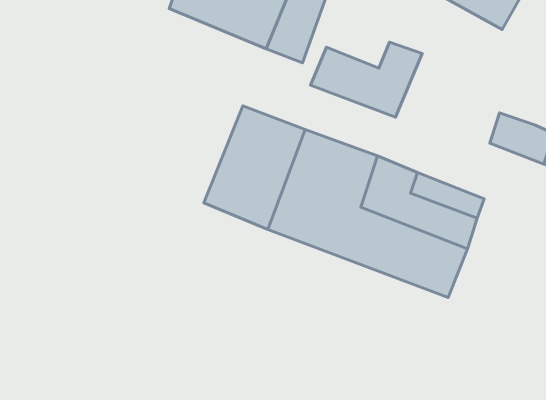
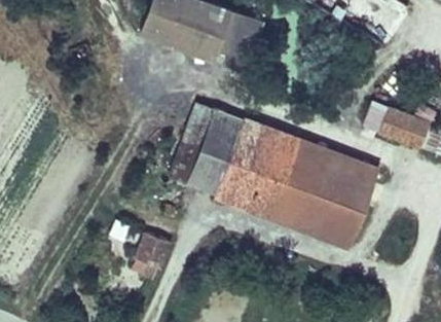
building: [310,42,422,117] -> none
building: none -> [139,231,170,278]

